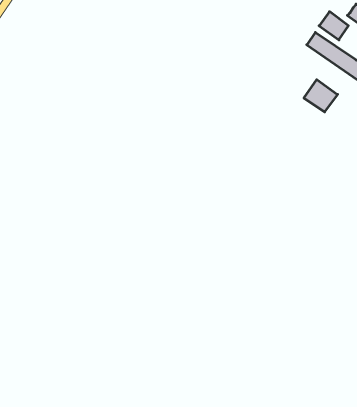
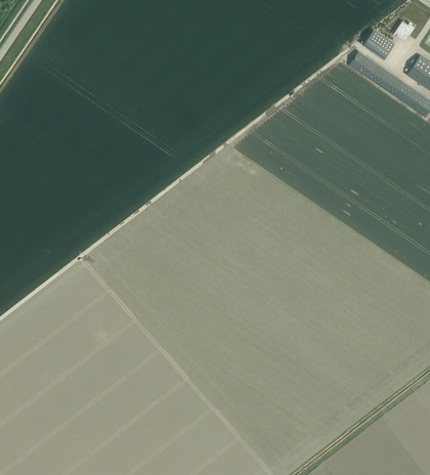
building: [304,80,338,112] -> none

